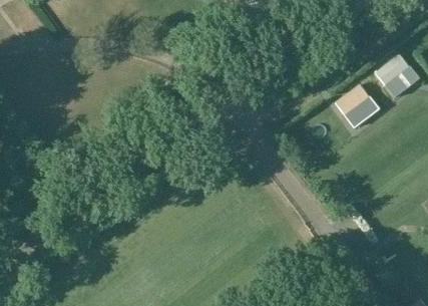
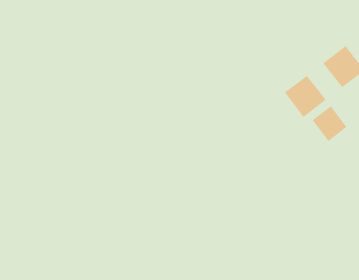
building: none -> [312,105,347,142]

